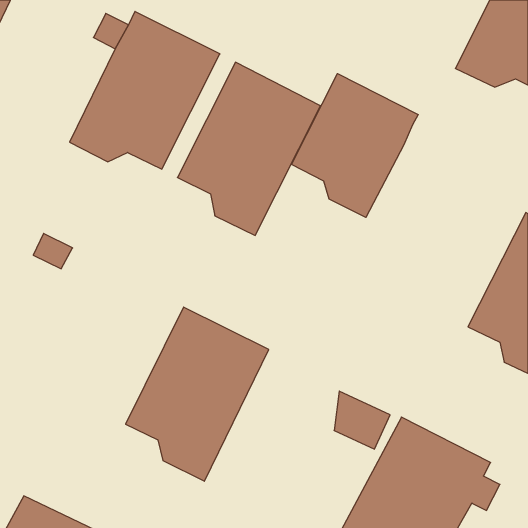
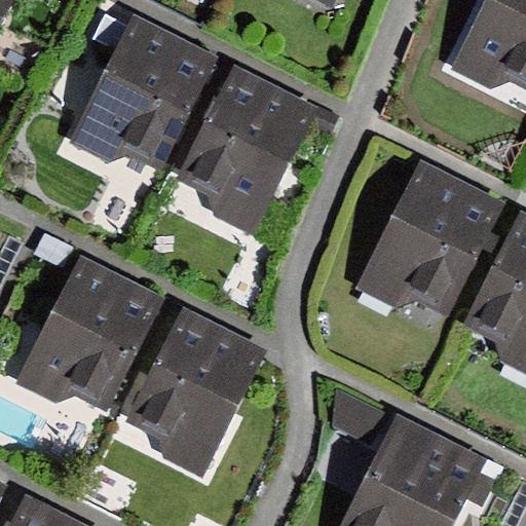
building: [292,74,418,217] -> none
building: none -> [354,159,504,316]
building: none -> [14,255,164,412]

